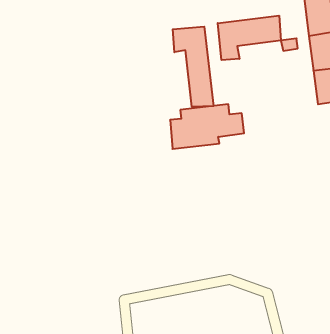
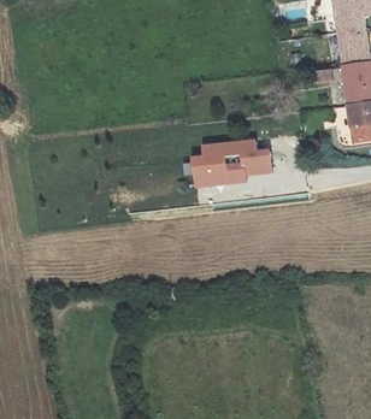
building: [218,16,281,60] -> none
building: [173,27,214,107] -> none

